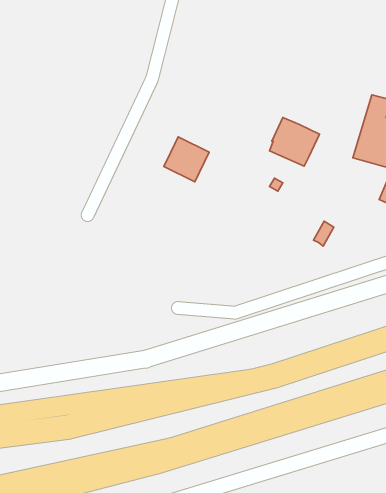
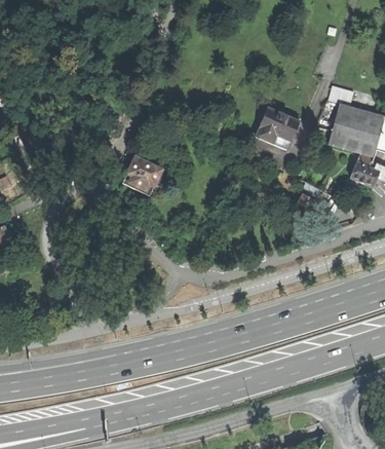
building: [164,137,209,182] -> [122,156,161,195]

